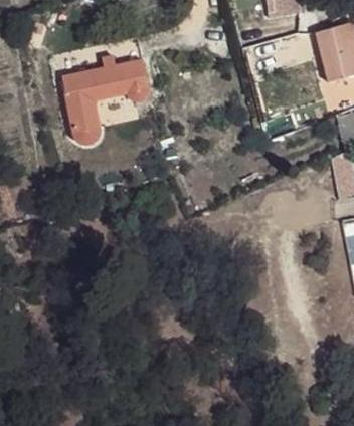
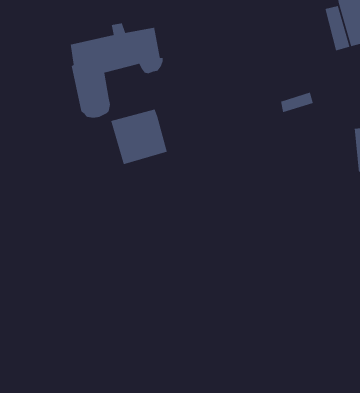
building: none -> [110,108,168,165]

